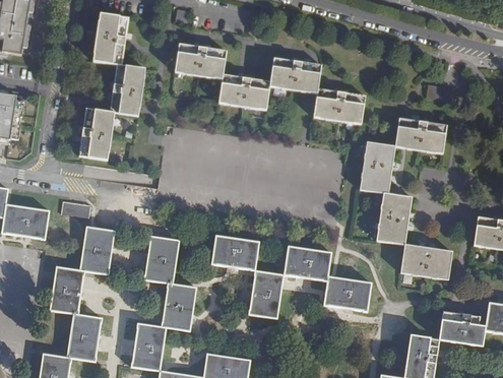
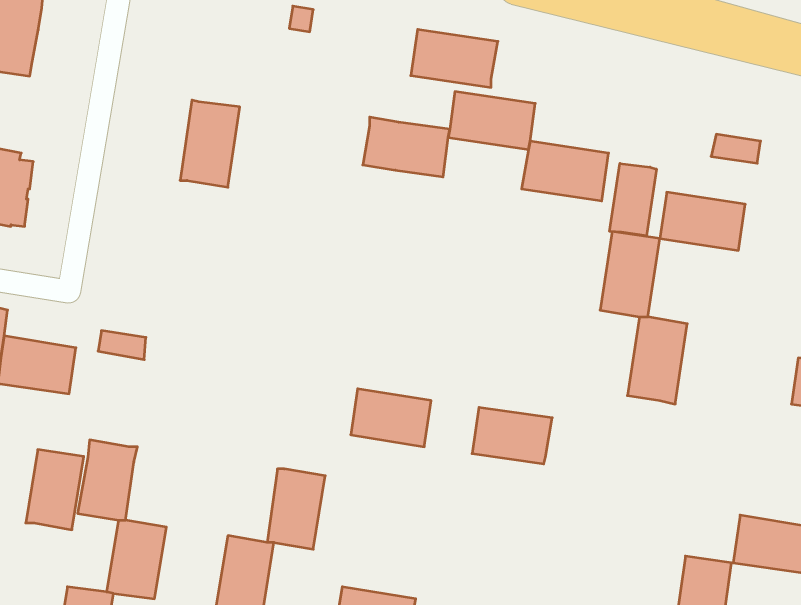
building: [93,14,128,65] -> none
building: [175,45,227,79] -> [411,29,498,87]
building: none -> [610,163,656,236]
building: [79,108,114,160] -> none
building: [79,227,114,274] -> [26,450,84,530]
building: [144,236,179,284] -> none
building: [400,245,451,279] -> none
building: [249,270,284,318] -> none
building: [323,276,371,311] -> none

